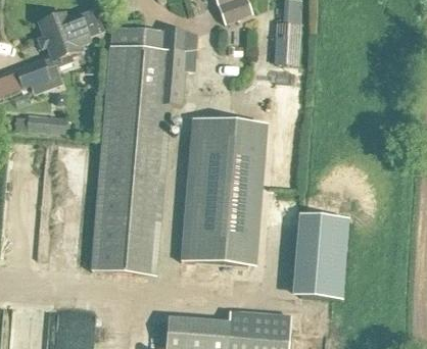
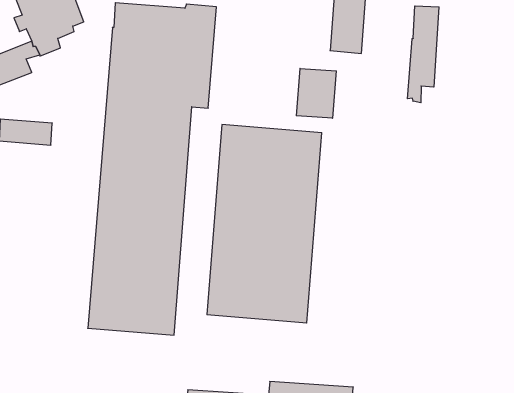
building: none -> [408,6,439,103]
building: none -> [296,68,336,118]
building: [291,213,348,299] -> none

